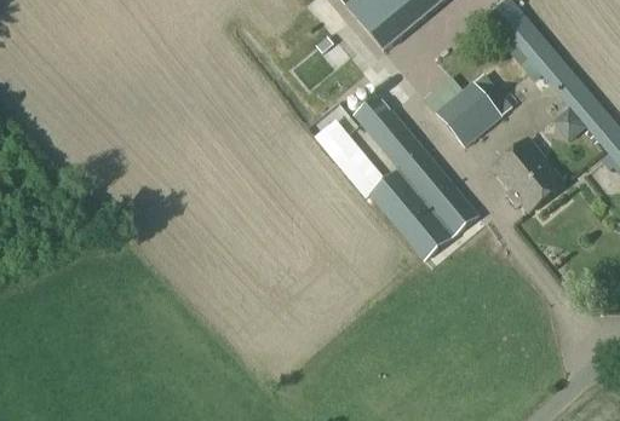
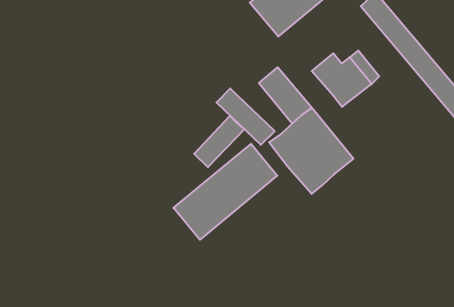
building: [490,135,563,209] -> none
building: none -> [194,116,244,167]
building: none -> [173,144,277,240]

